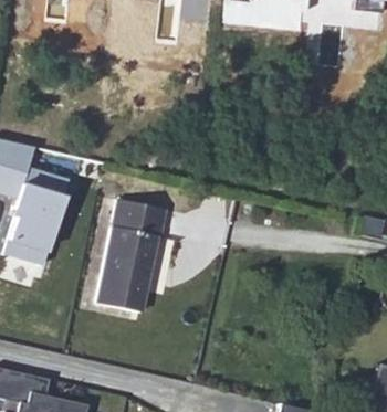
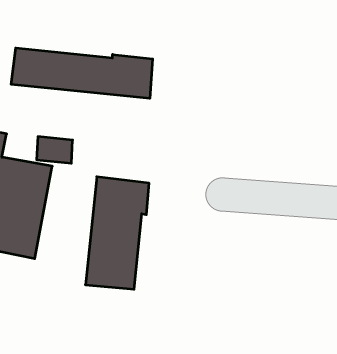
building: none -> [11,48,153,98]

